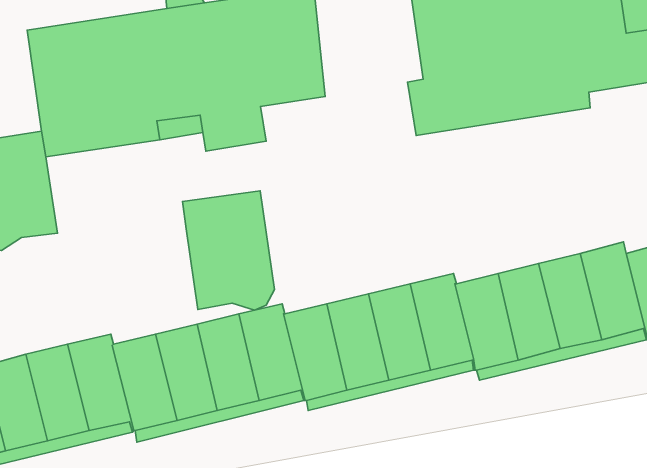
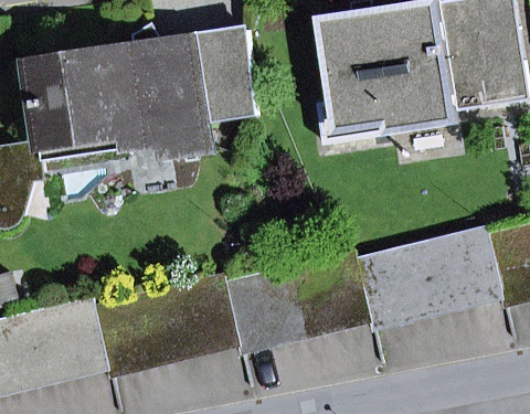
building: [182,191,275,310] -> none

